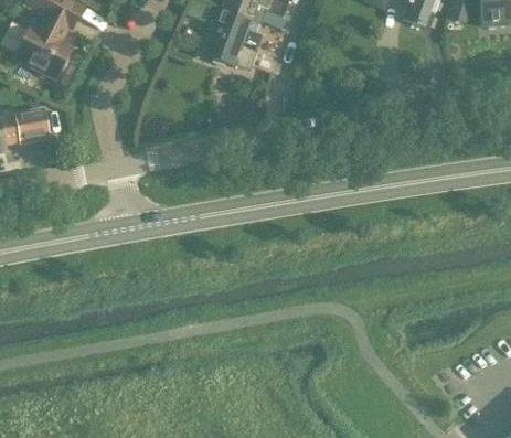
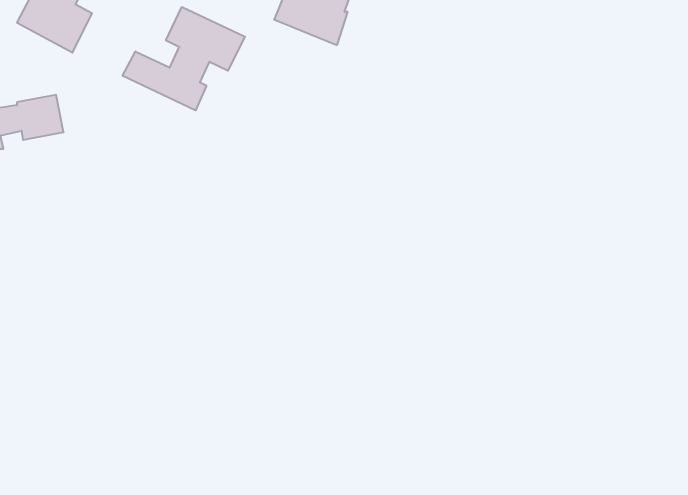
building: none -> [123,7,245,110]

